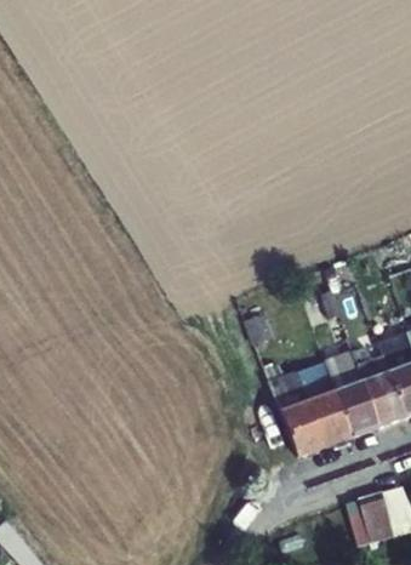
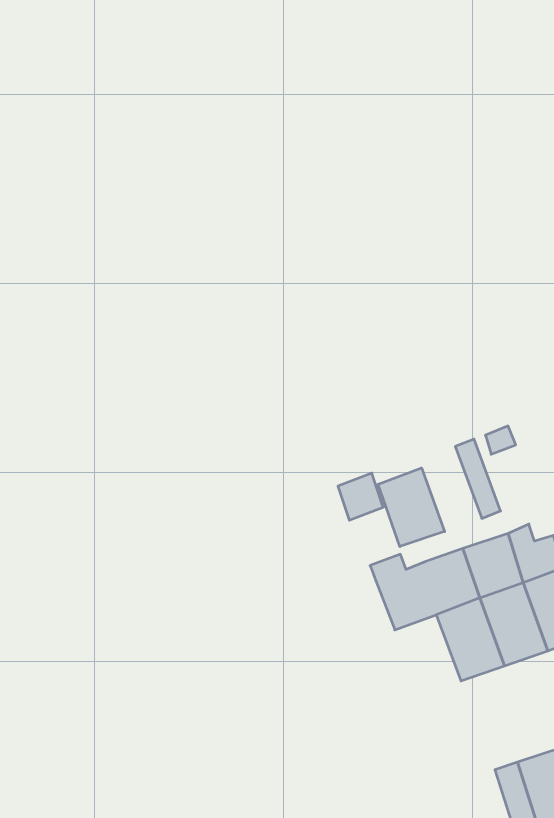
building: none -> [378,468,445,547]
building: [280,405,322,457] -> none

